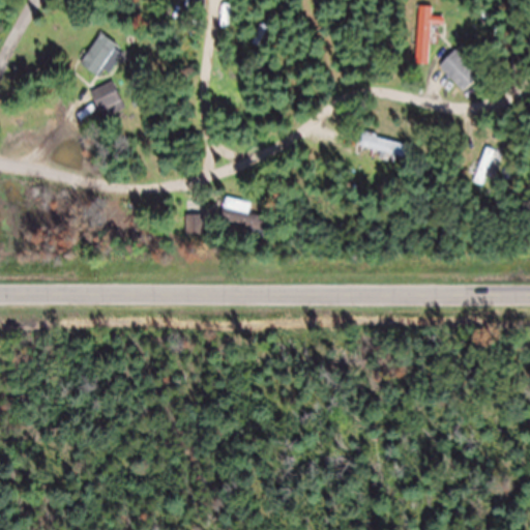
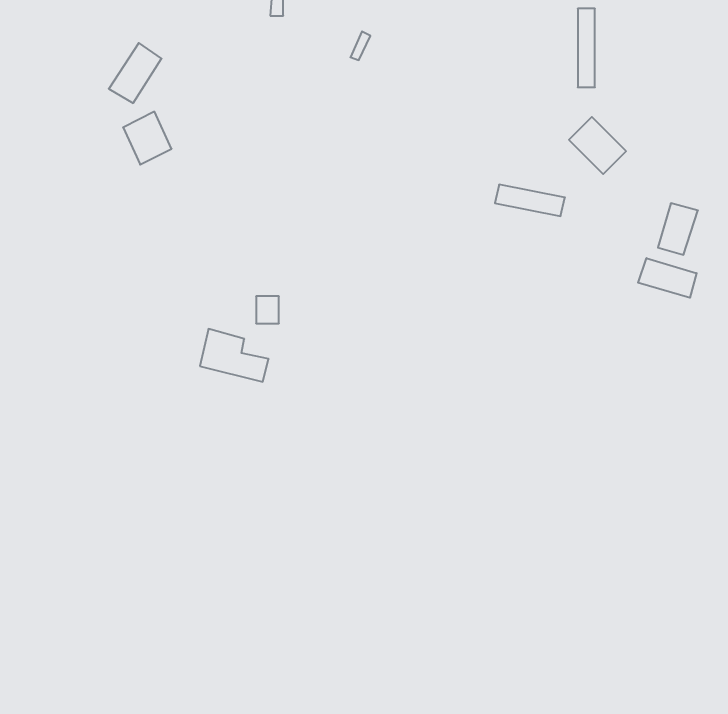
building: [439,49,480,90] -> [569,117,626,174]
building: none -> [638,258,697,298]
building: [219,196,269,234] -> [200,329,269,382]

